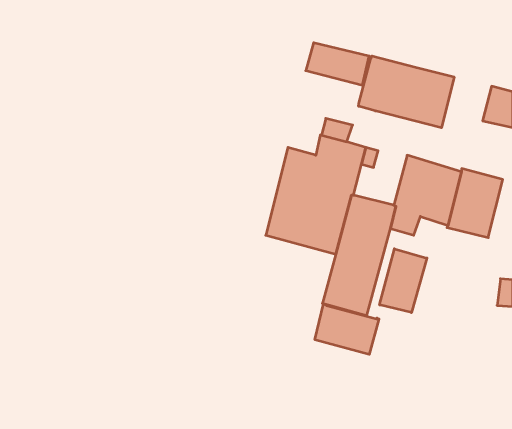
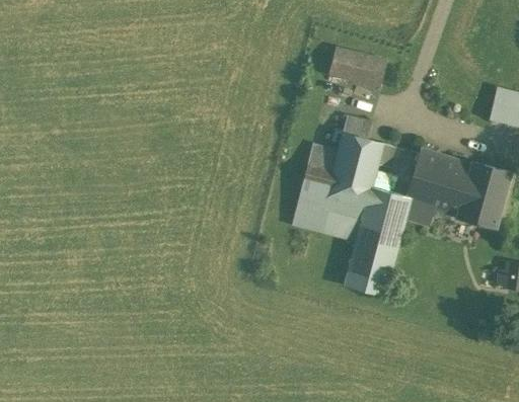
building: [359,56,454,128] -> none
building: [380,249,427,313] -> none
building: [315,304,379,354] -> none

